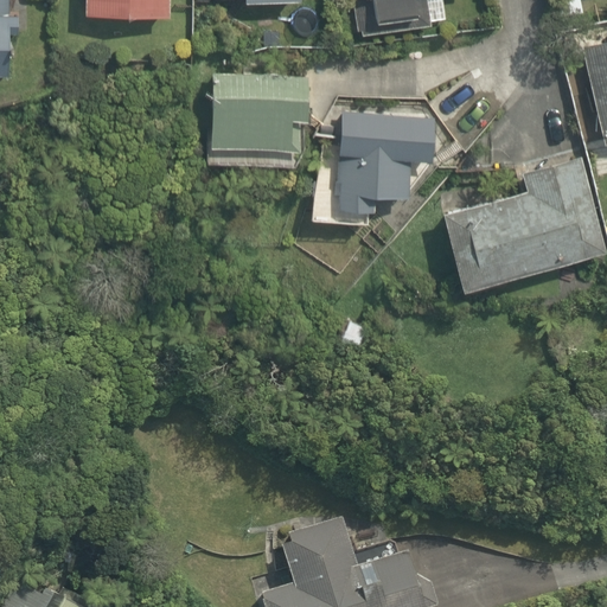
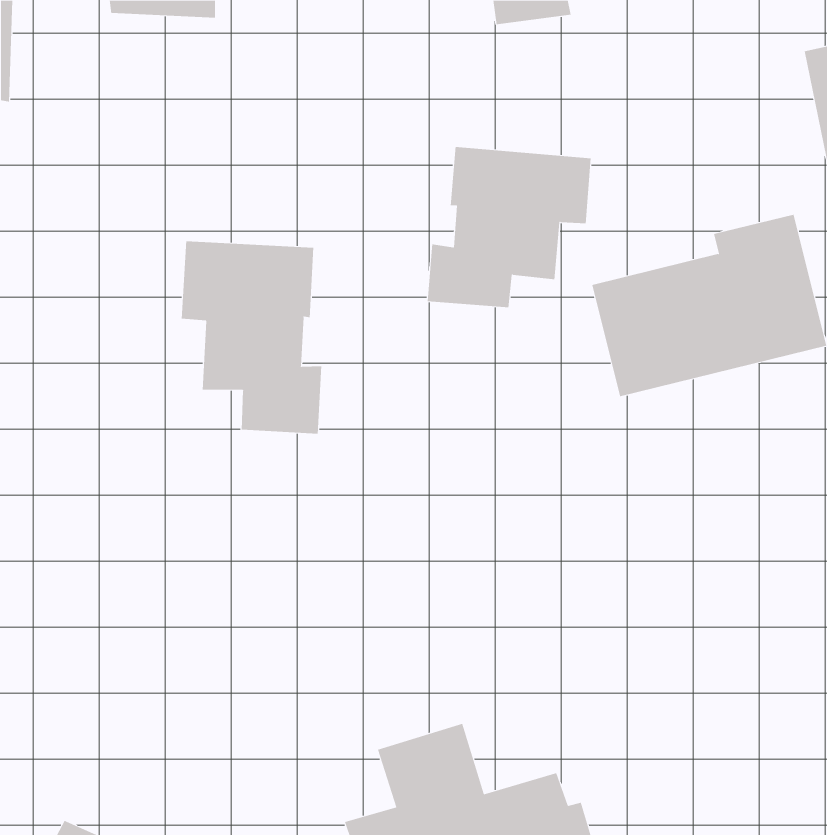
building: [213,75,308,155] -> none
building: none -> [181,241,322,435]

